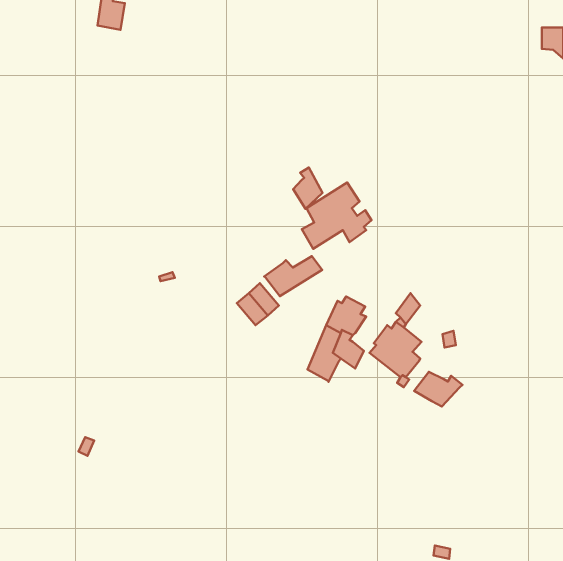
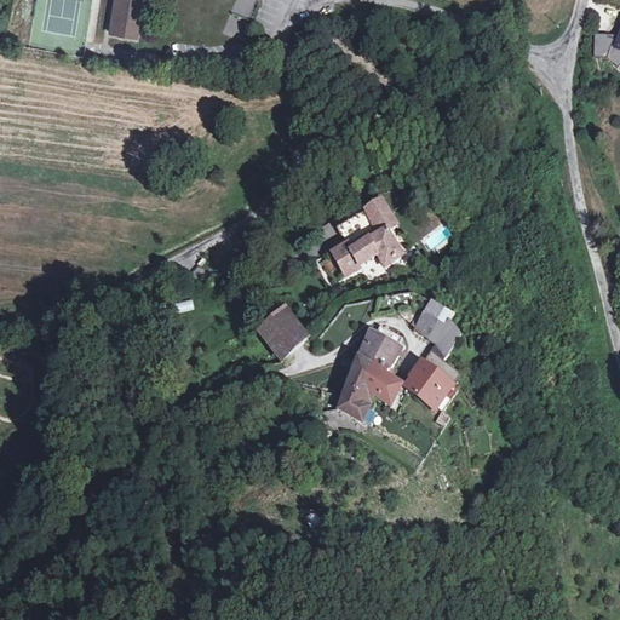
building: [293,167,322,209] -> none
building: [264,256,322,296] -> none
building: none -> [412,300,454,343]
building: [414,372,463,407] -> none

